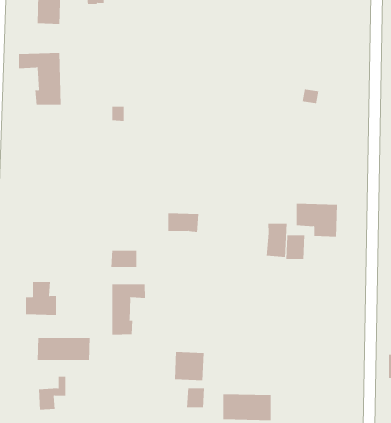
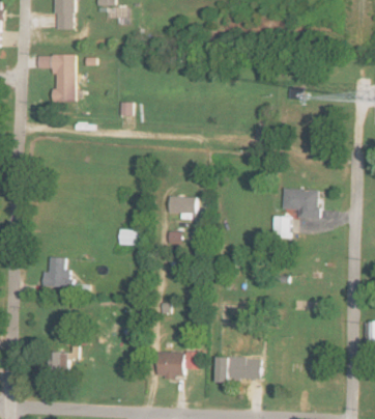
building: [266,223,287,258] -> none
building: [112,283,146,336] -> none
building: [37,337,90,361] -> none
building: [174,352,204,381] -> [157,352,184,378]

